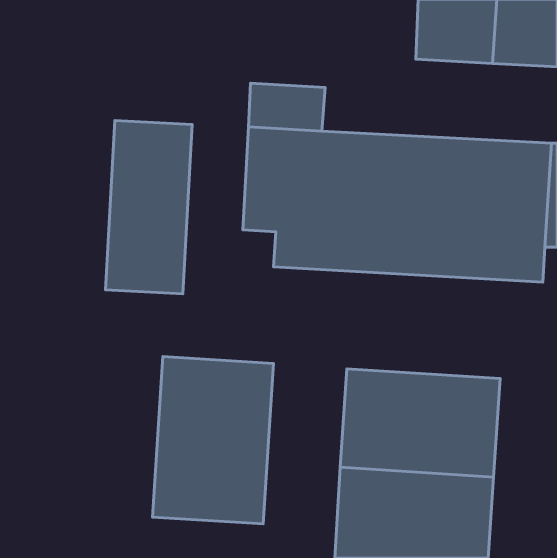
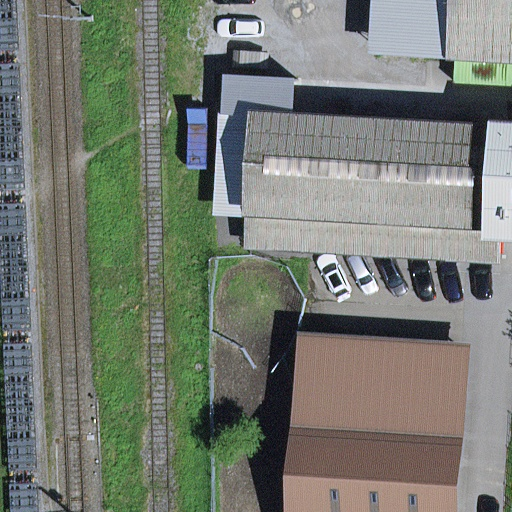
building: [106,121,192,294] -> none
building: [153,357,273,524] -> none

